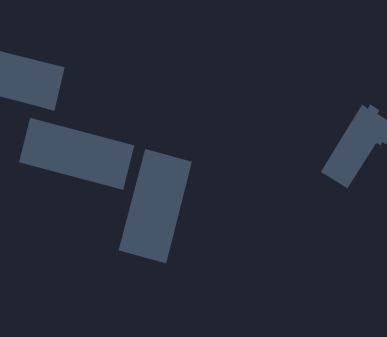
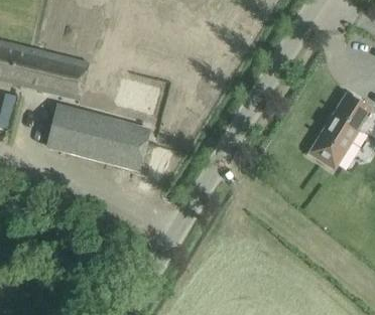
building: [118,148,192,264] -> none

